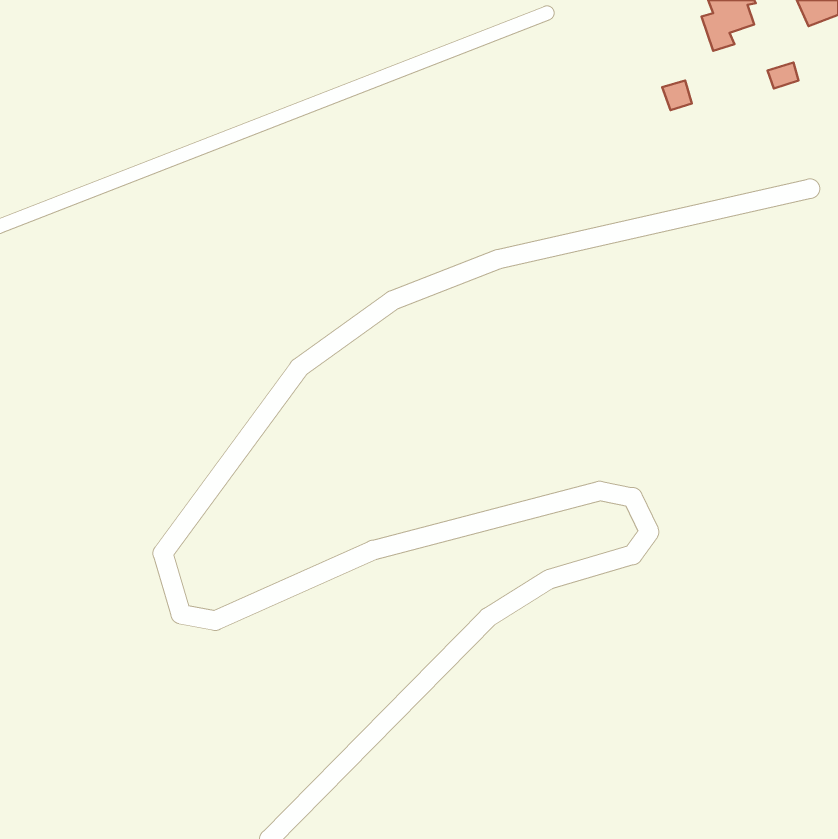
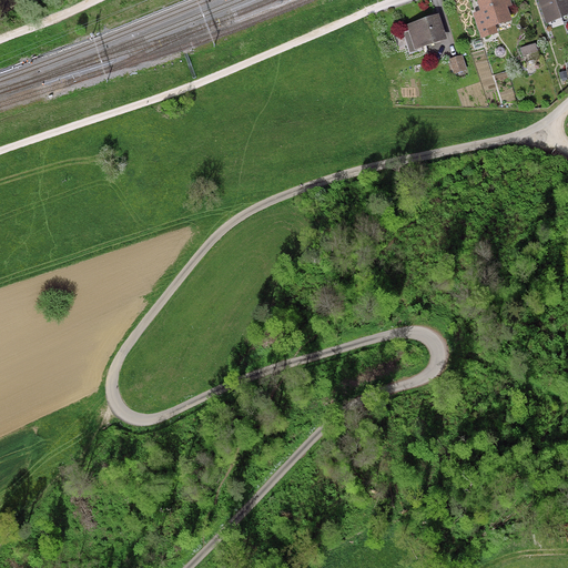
building: none -> [407,13,445,45]

